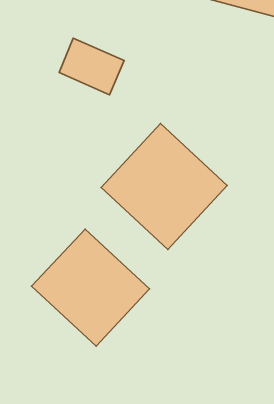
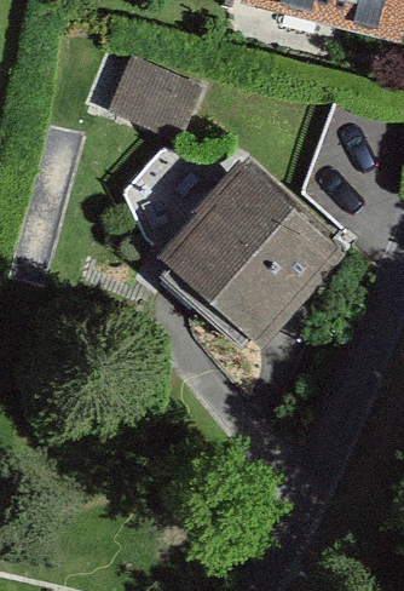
building: [32,229,149,346] -> none

